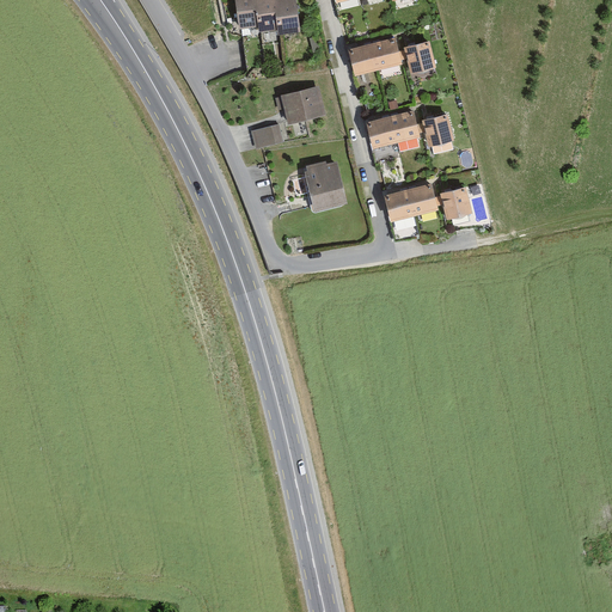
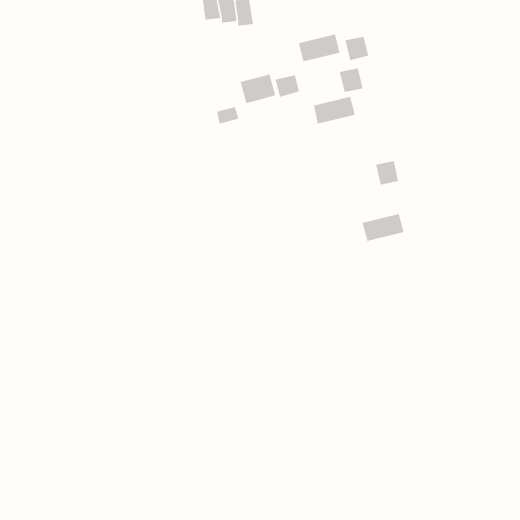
building: none -> [275,74,300,98]
building: [423,115,452,145] -> [339,67,363,93]
building: [306,164,343,208] -> none
building: [385,185,435,219] -> [362,213,404,242]

